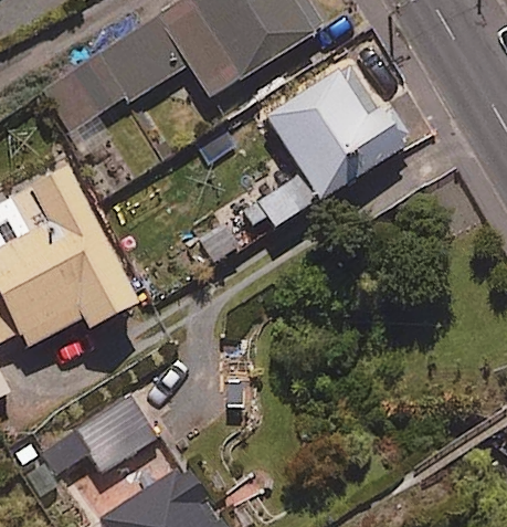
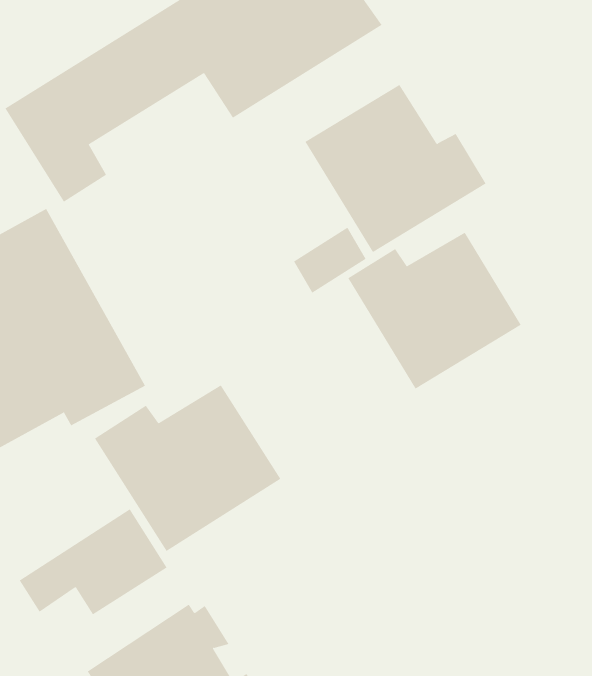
building: none -> [347,232,522,390]
building: none -> [94,384,281,552]

